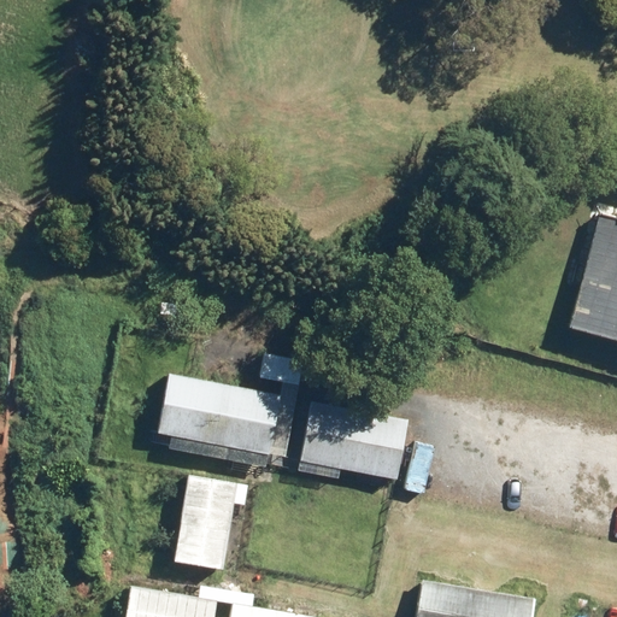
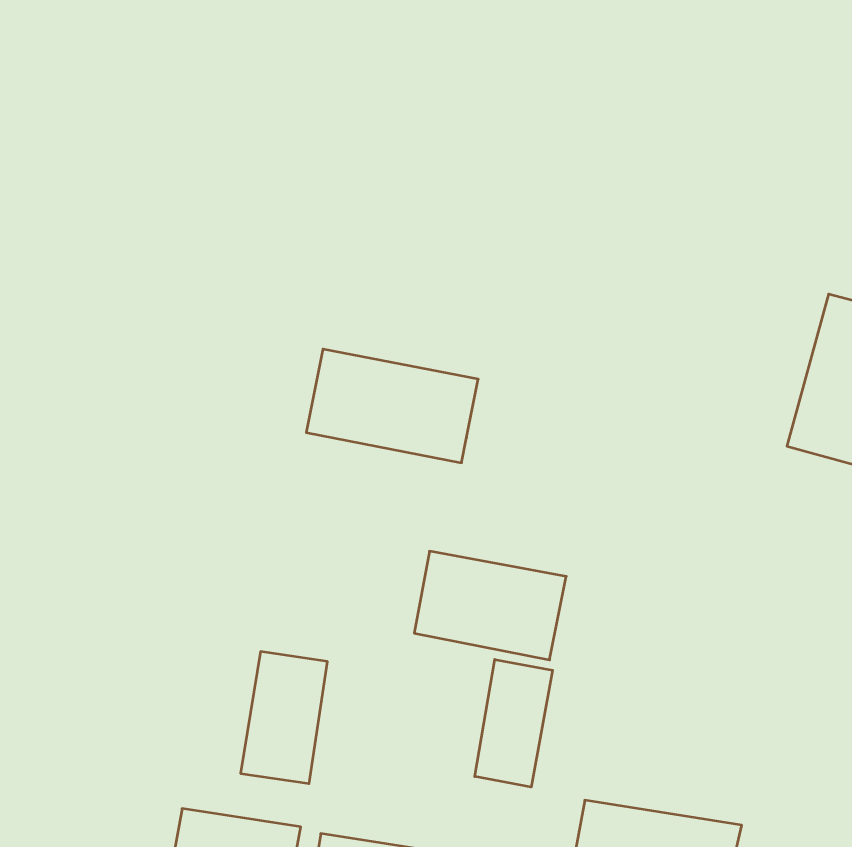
building: [158,375,282,457] -> [306,349,478,463]
building: none -> [475,659,553,787]

